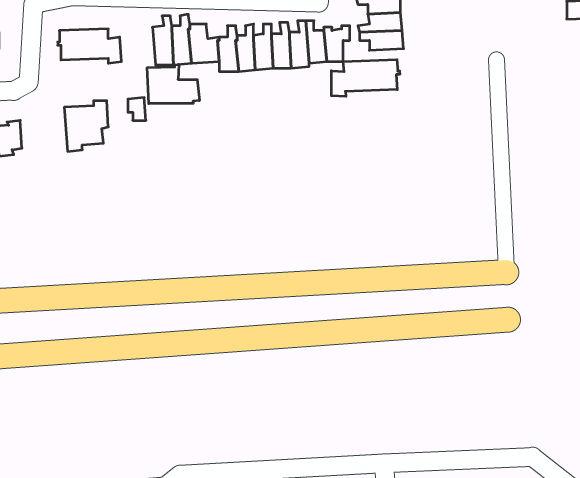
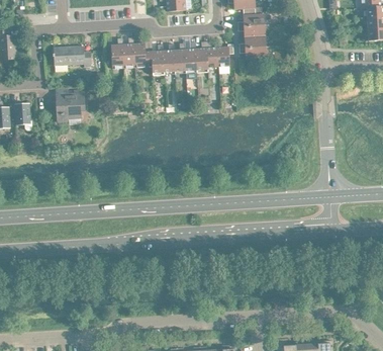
building: [331,60,400,96] -> none
building: [147,64,199,104] -> none

